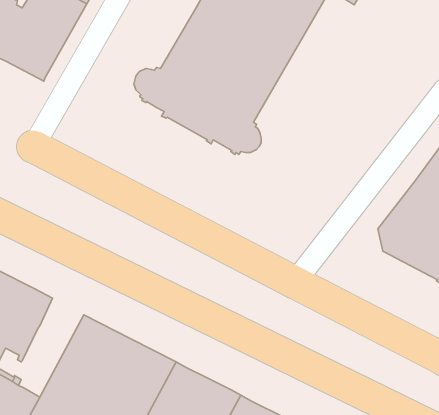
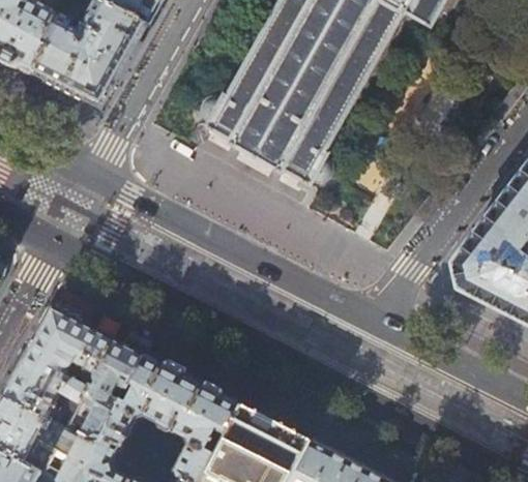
building: none -> [78,336,143,441]

